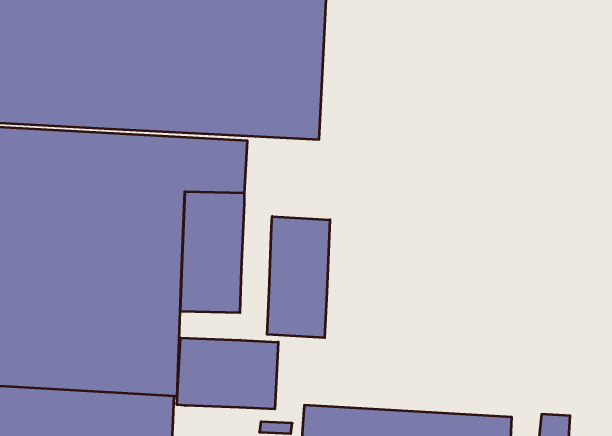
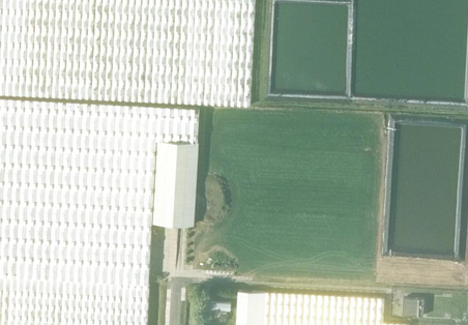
building: [267,216,330,338] -> none
building: [177,338,278,409] -> none

